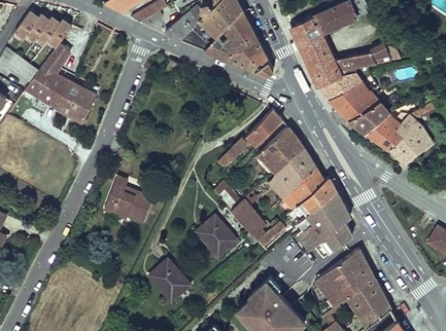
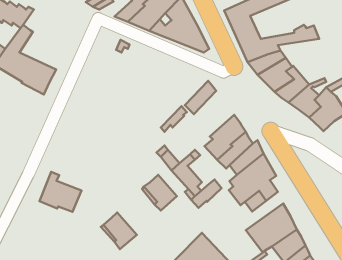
building: [258,126,302,172] -> none
building: [104,177,152,223] -> [39,172,81,212]

